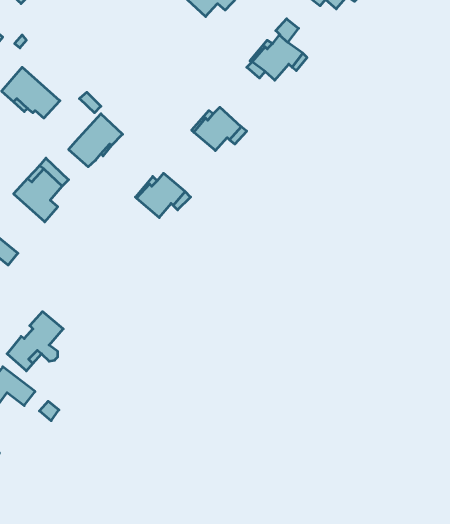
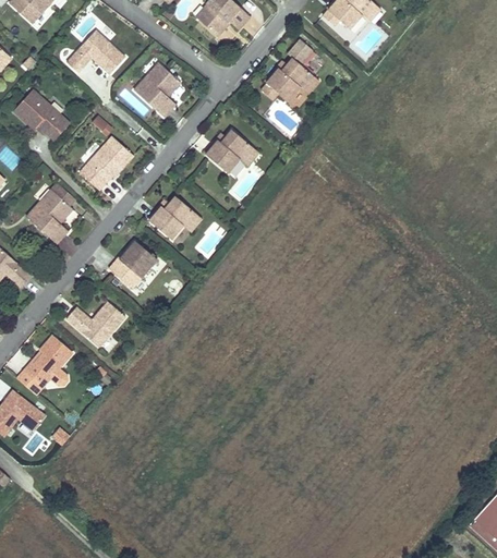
building: none -> [66,33,125,76]
building: none -> [134,63,181,118]
building: none -> [108,241,157,290]
building: none -> [65,299,128,348]

